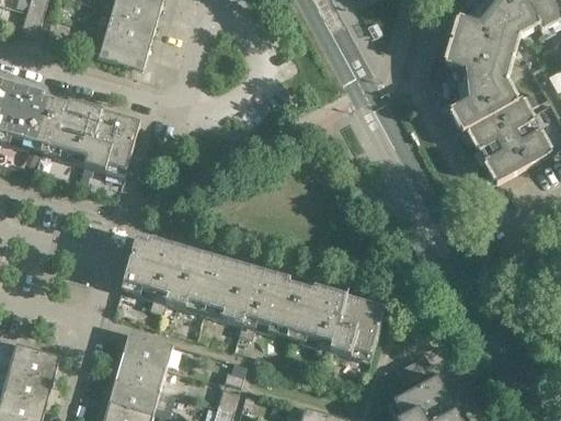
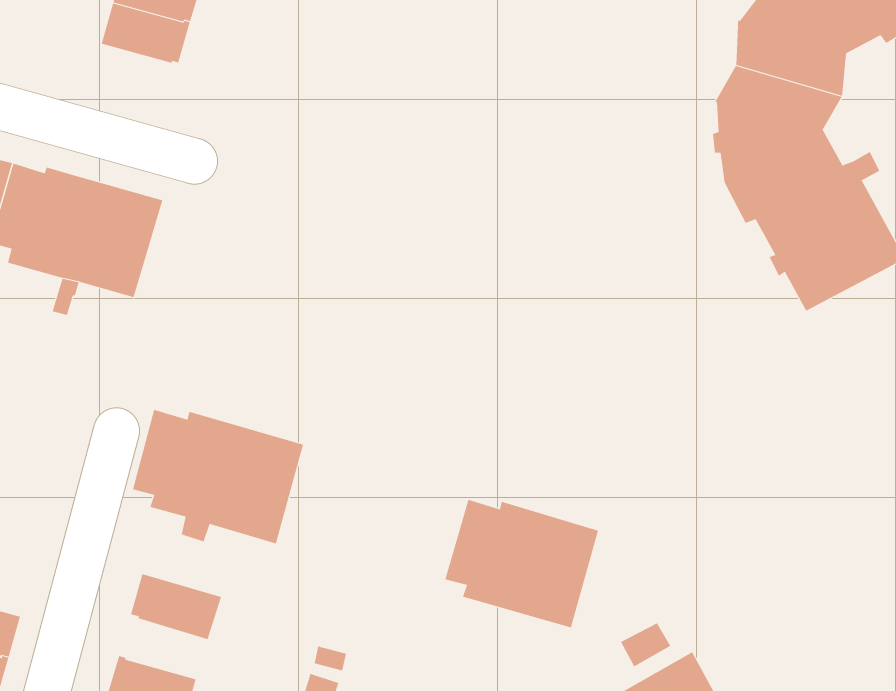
building: [99,32,149,68] -> none
building: [204,257,311,337] -> none
building: [115,352,165,388] -> none

